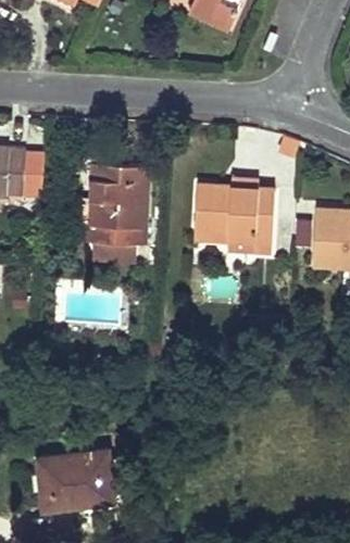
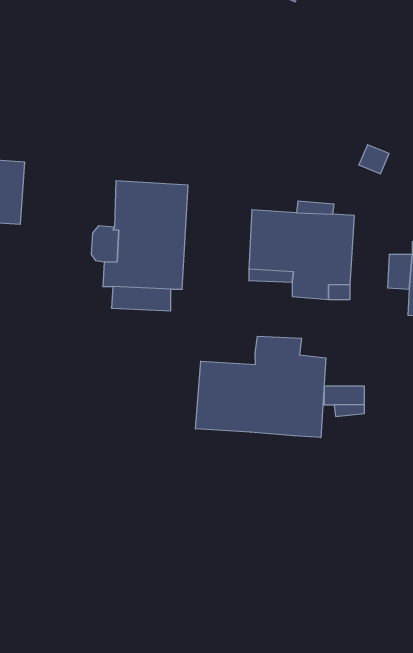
building: none -> [196,336,326,438]
building: [38,450,114,507] -> none

